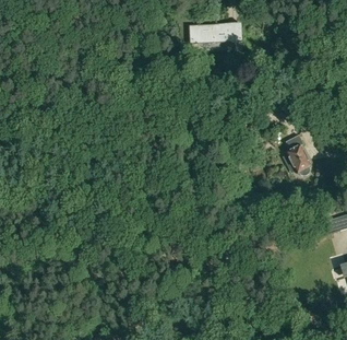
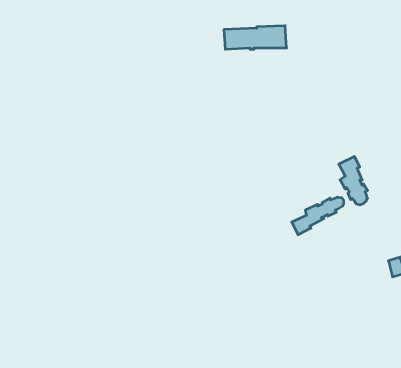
building: none -> [292,197,344,235]

